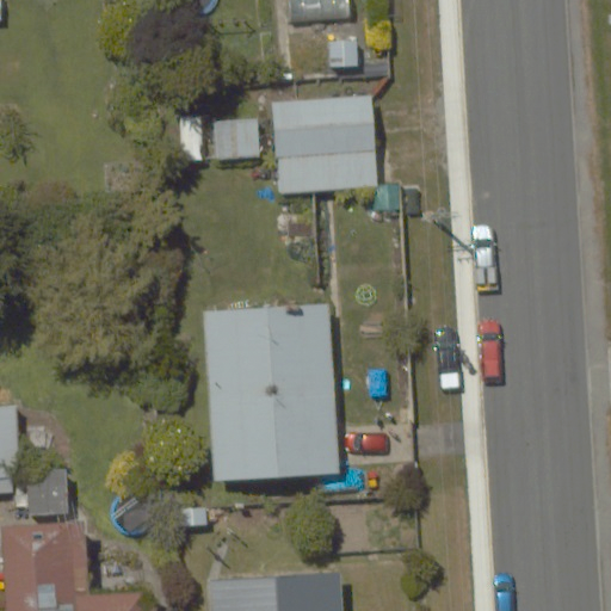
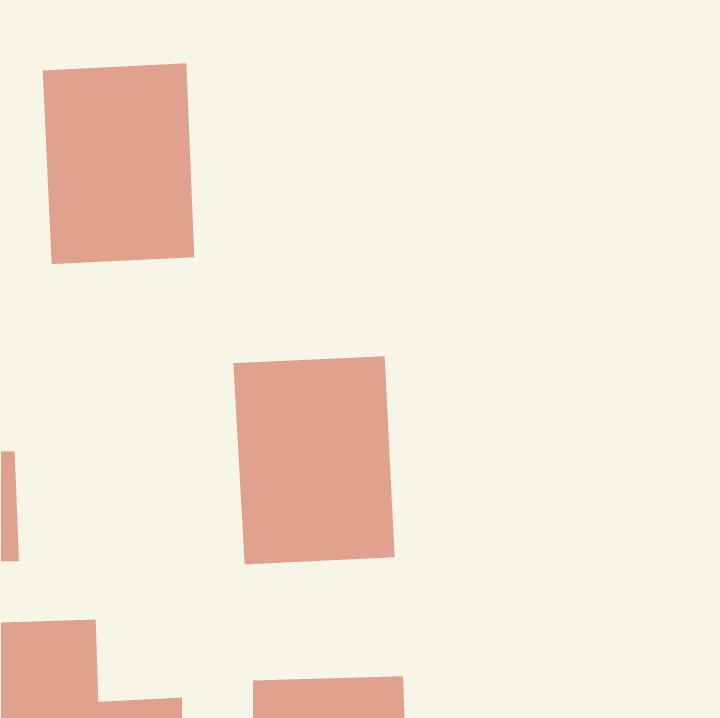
building: none -> [42,63,195,265]
building: [183,95,379,193] -> none

